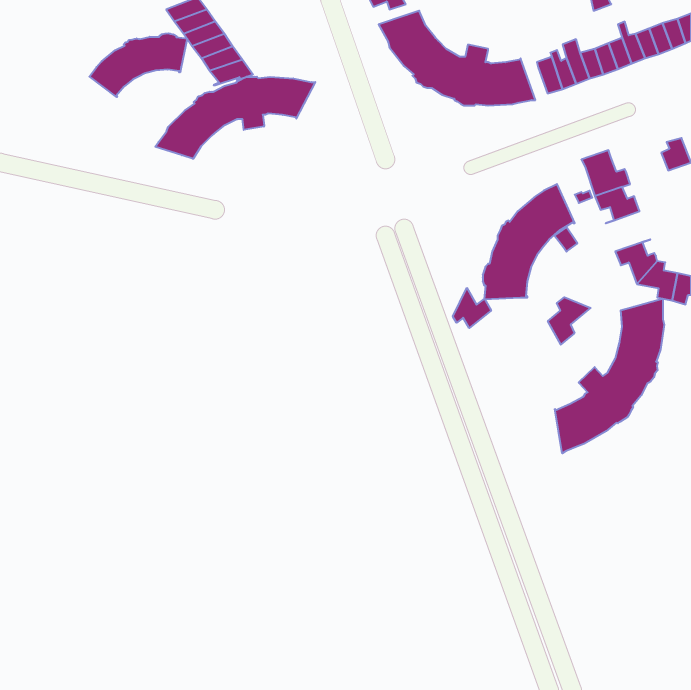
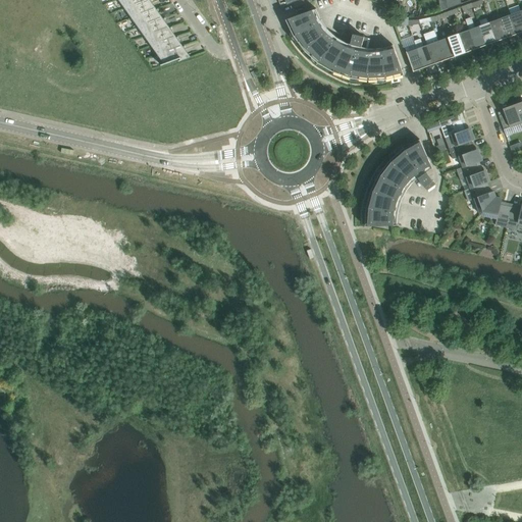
building: [89,33,187,97] -> none
building: [155,77,315,159] -> none
building: none -> [457,159,490,190]
building: [453,288,491,328] -> none
building: [548,297,591,345] -> none
building: [555,299,664,453] -> none

